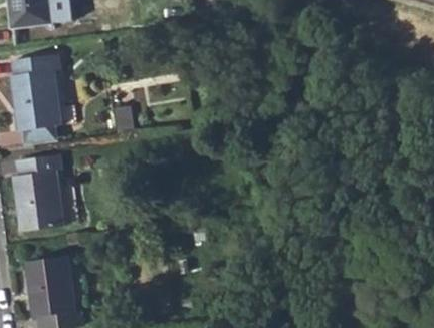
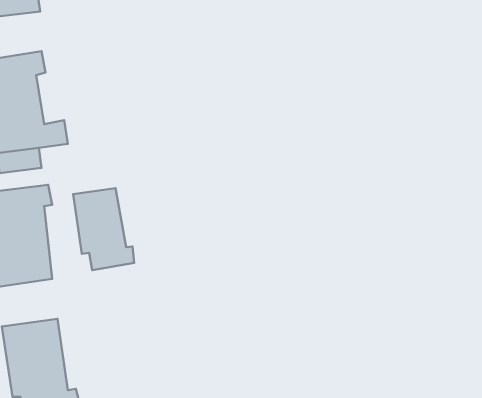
building: none -> [73,188,134,270]

